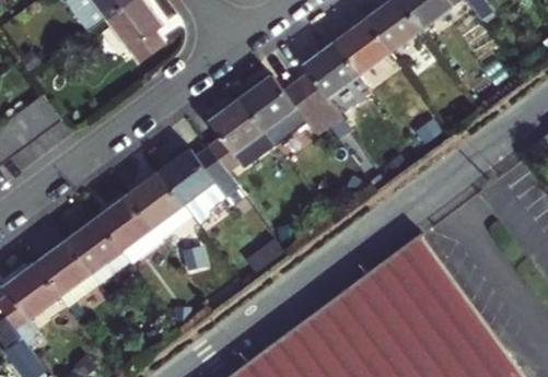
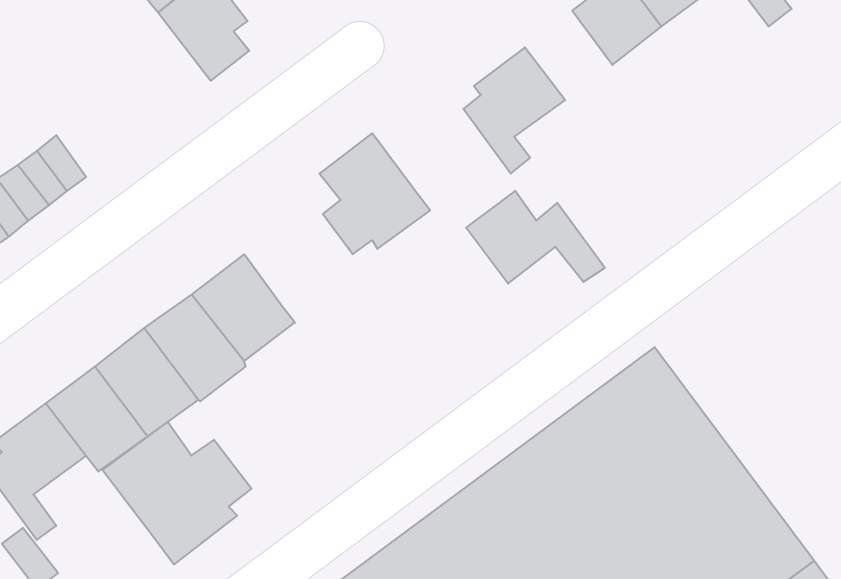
building: [333,22,387,78] -> none
building: [237,75,324,133] -> [466,191,605,284]
building: [158,149,241,207] -> none
building: none -> [103,422,252,564]

